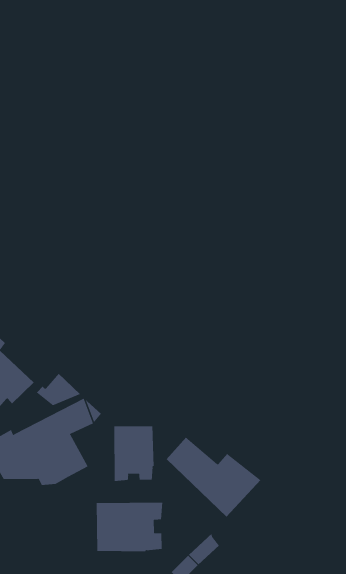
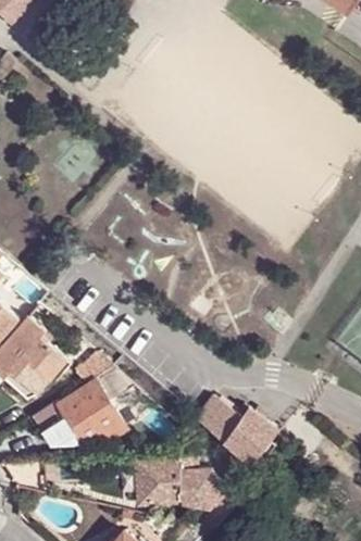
building: [114,425,154,482] -> none

